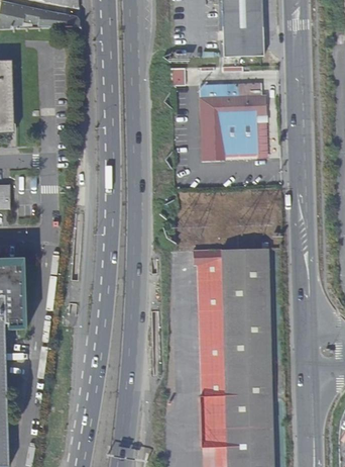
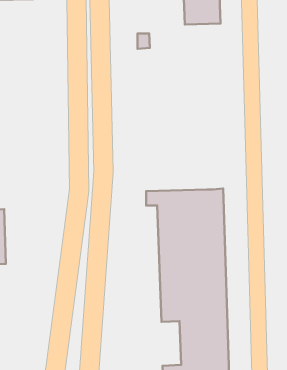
building: [199,83,267,161] -> none
building: [200,391,222,442] -> none

